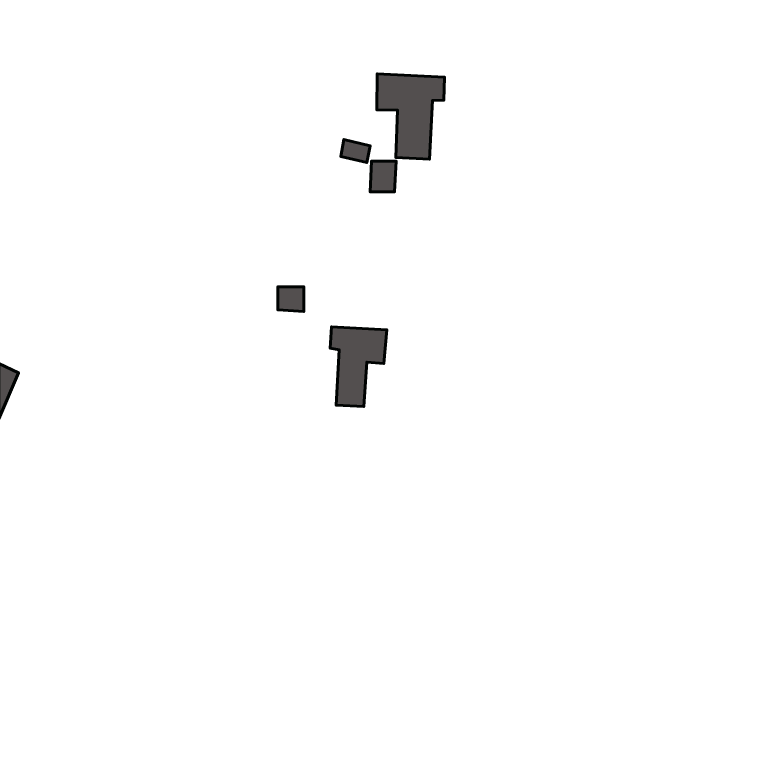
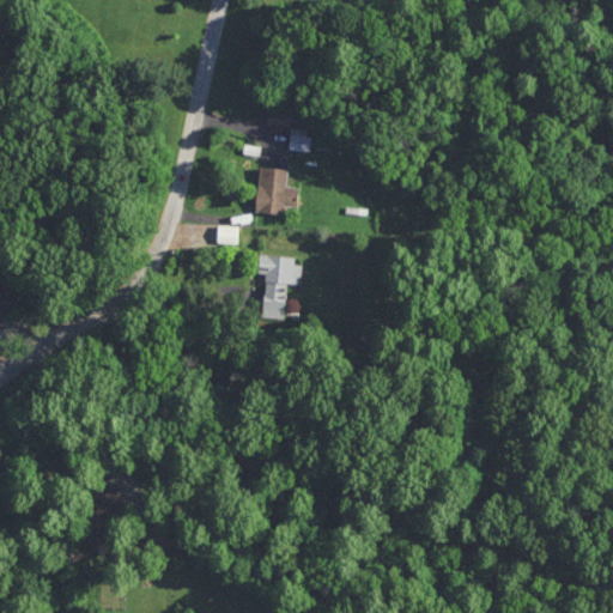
building: [377,74,444,159] -> none
building: none -> [256,169,298,214]

